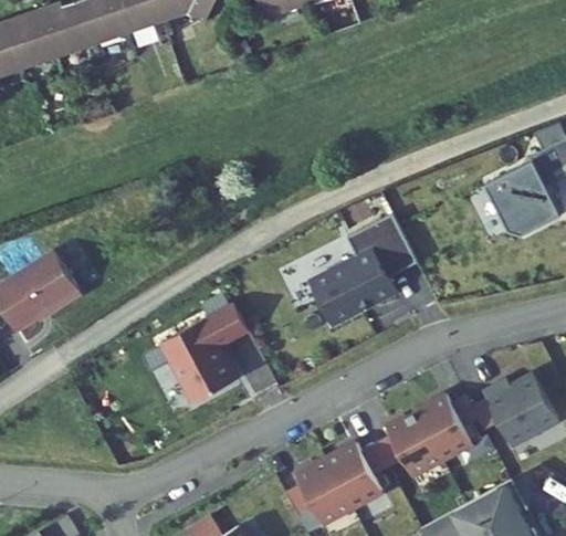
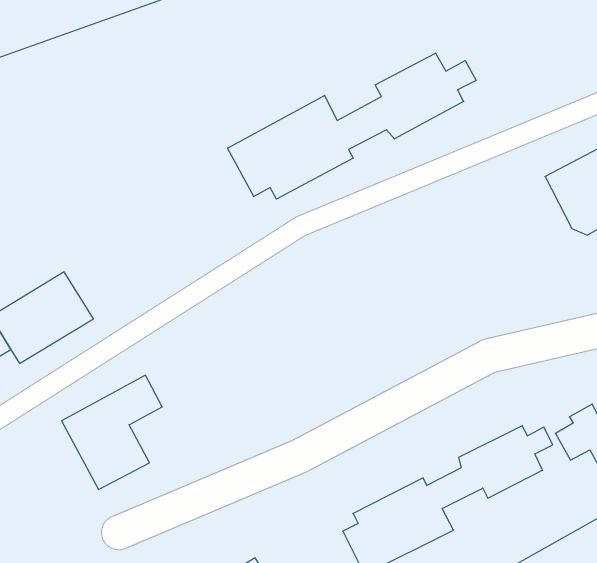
building: none -> [227,53,476,199]
building: [296,214,405,326] -> none
building: [171,298,259,398] -> [62,375,162,490]

